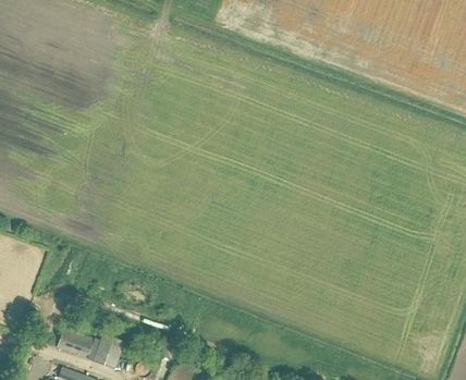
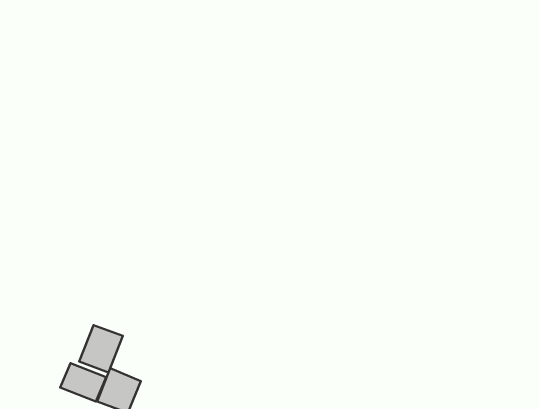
building: none -> [79,325,123,372]

